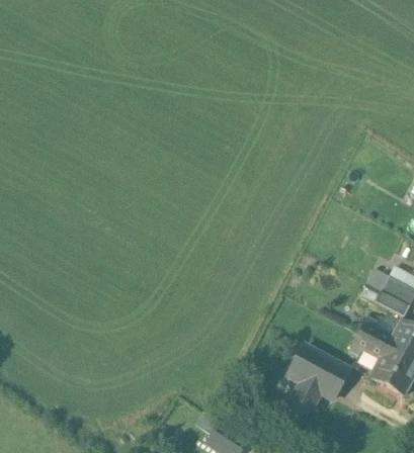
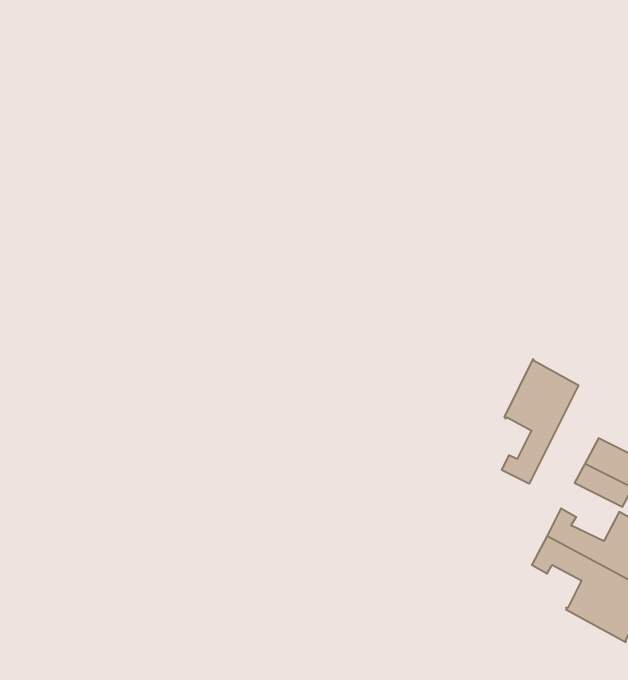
building: none -> [502,359,578,484]
building: [288,346,348,405] -> none

